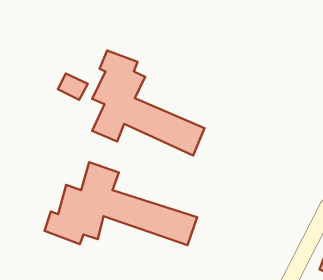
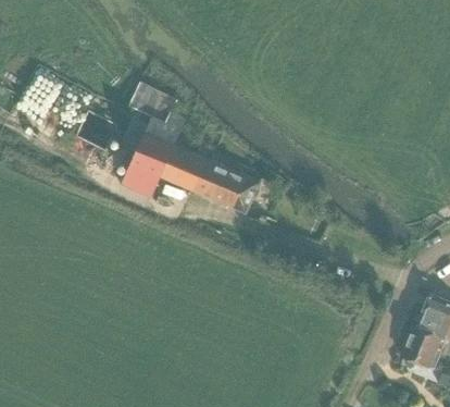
building: [45,162,197,245] -> none

